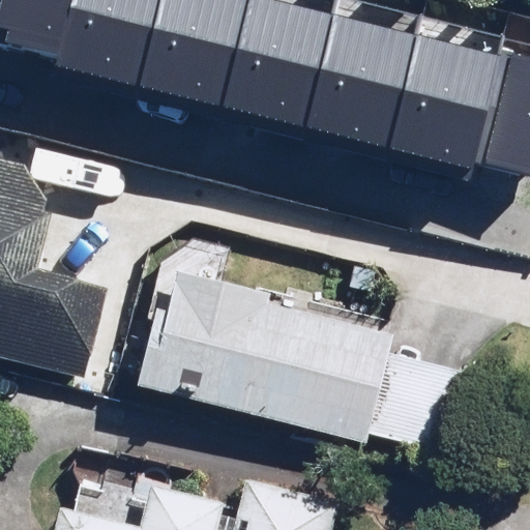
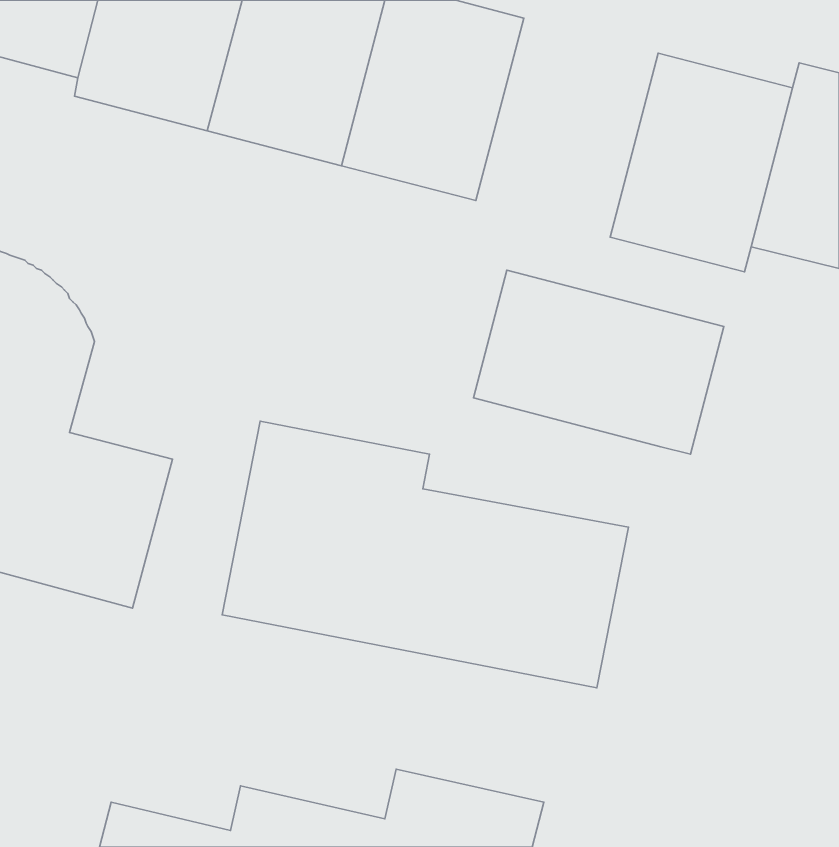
building: [297,11,411,148] -> none
building: none -> [473,270,724,454]

